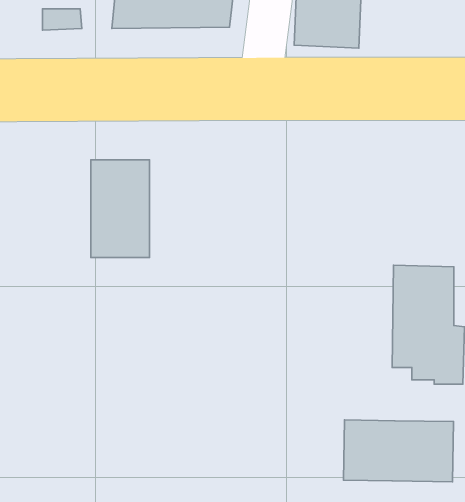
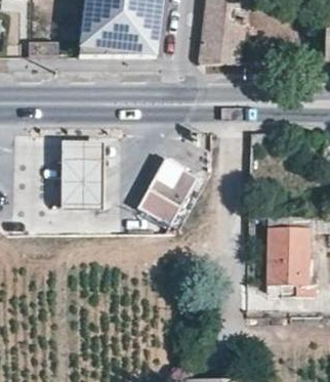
building: none -> [138,159,197,224]
building: [344,420,454,482] -> none

